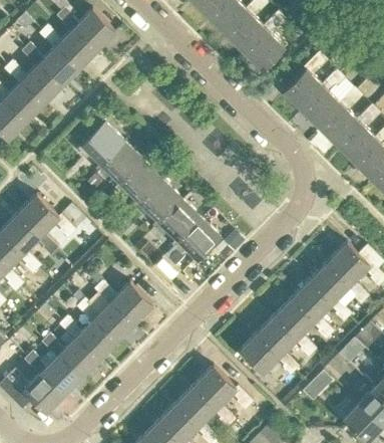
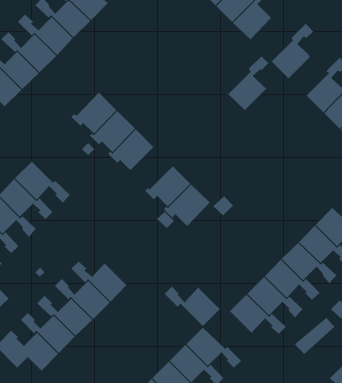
building: [301,70,344,128] -> [227,55,269,111]
building: [133,181,181,224] -> none
building: [94,281,152,323] -> [164,286,220,327]

